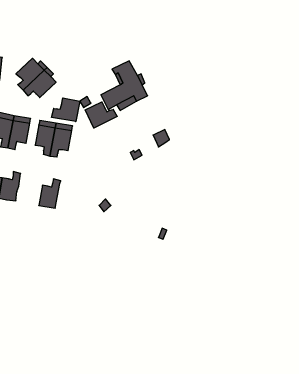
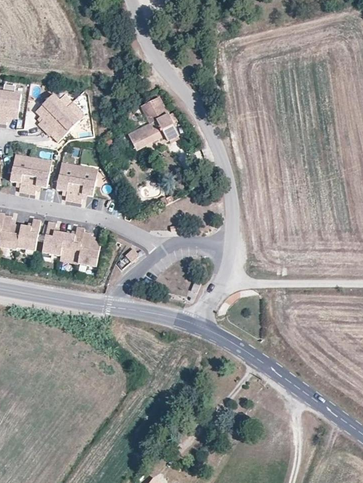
building: [52,98,80,122] -> none
building: [85,102,117,128] -> none
building: none -> [42,221,64,255]
building: none -> [77,231,100,266]

